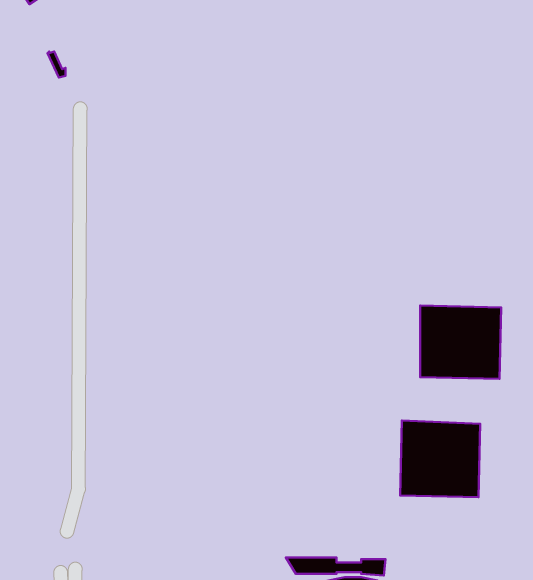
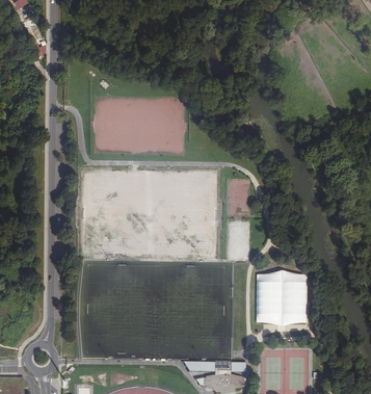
building: [420,306,501,379] -> none

